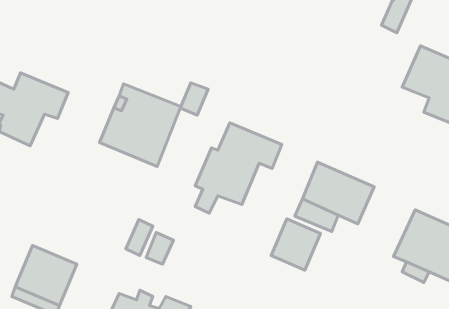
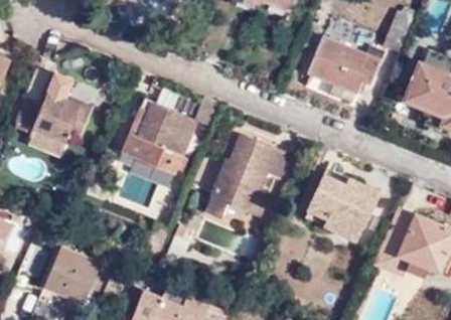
building: none -> [309,36,385,93]
building: [271,219,321,270] -> none

